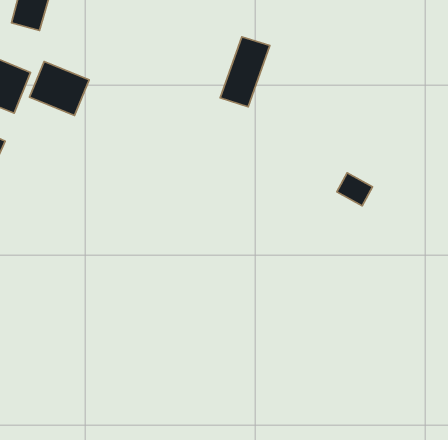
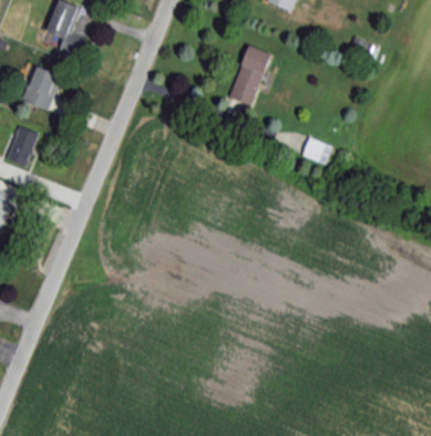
building: [29,62,89,115] -> none
building: [337,173,372,206] -> [301,136,332,165]

